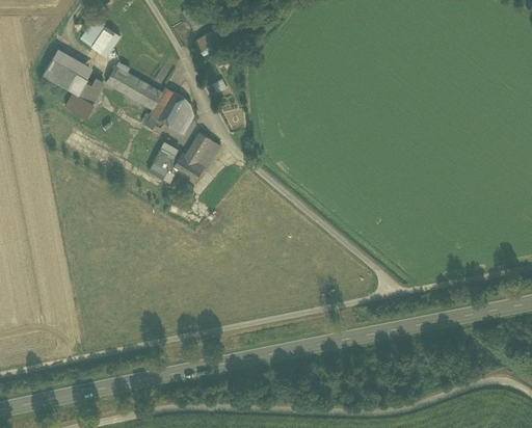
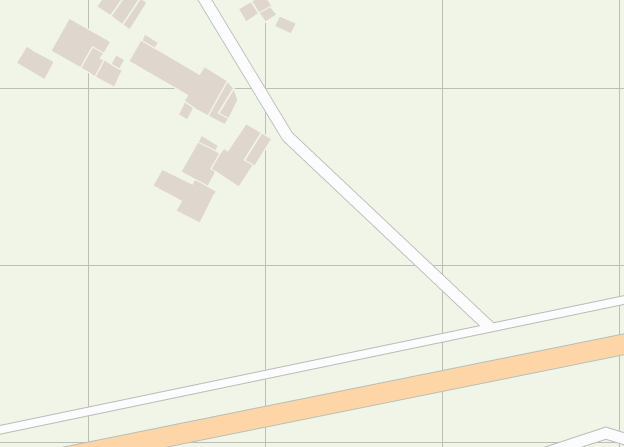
building: [64,91,95,118] -> [16,46,54,80]
building: none -> [153,169,216,223]

